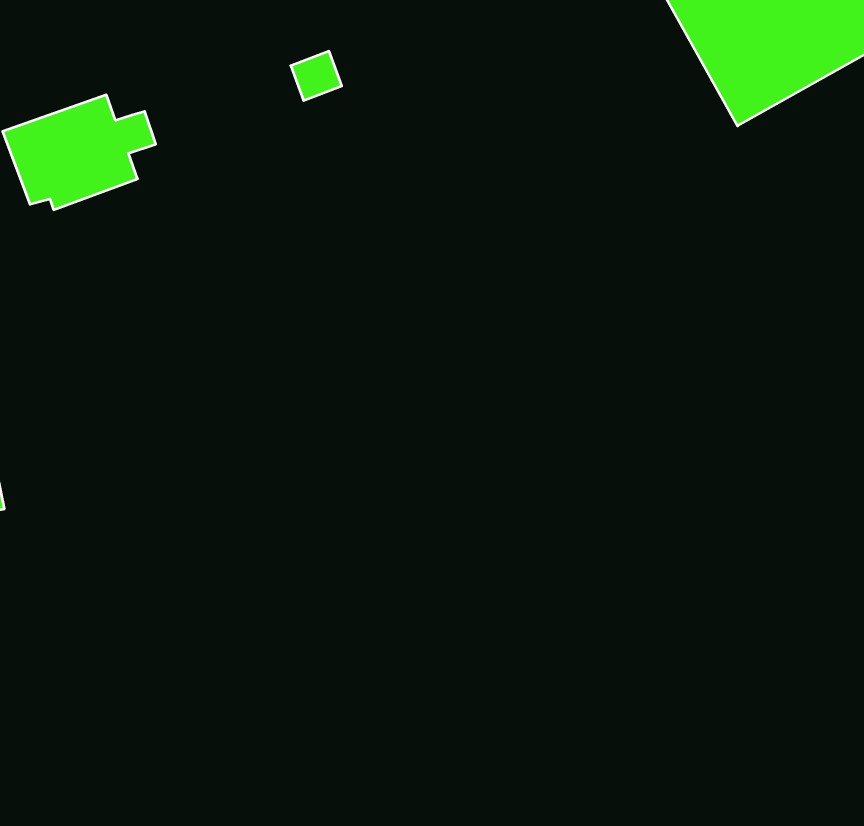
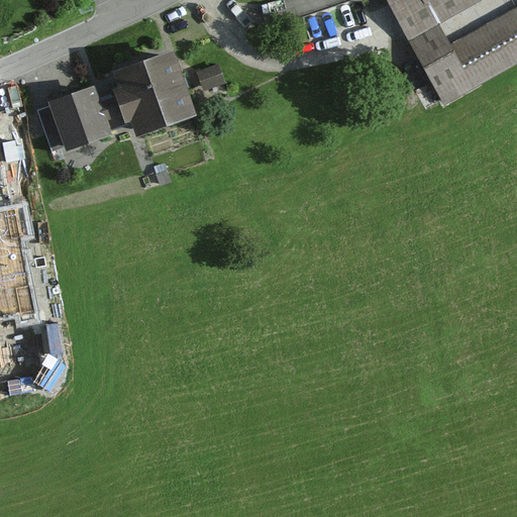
building: none -> [112,49,197,137]

